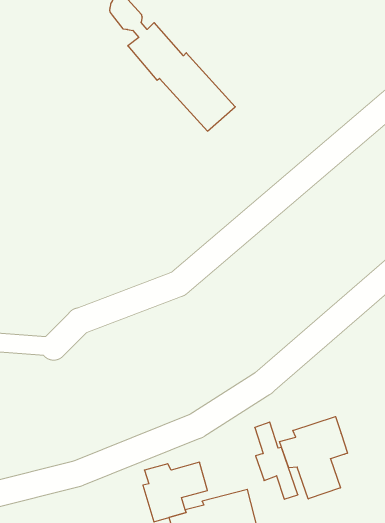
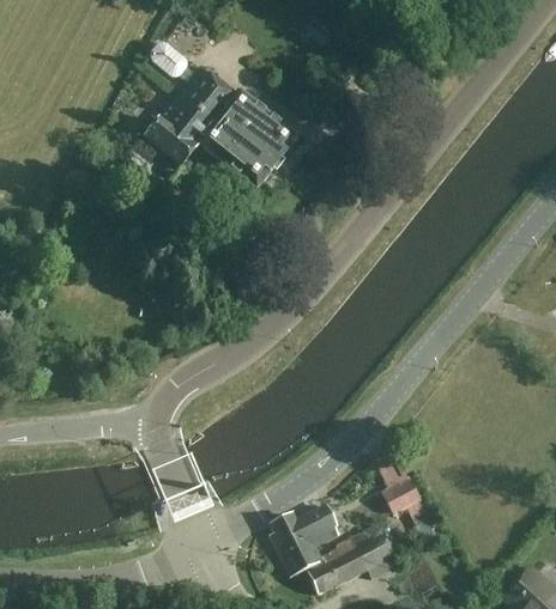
building: none -> [145,93,274,189]
building: [280,417,347,499] -> none

